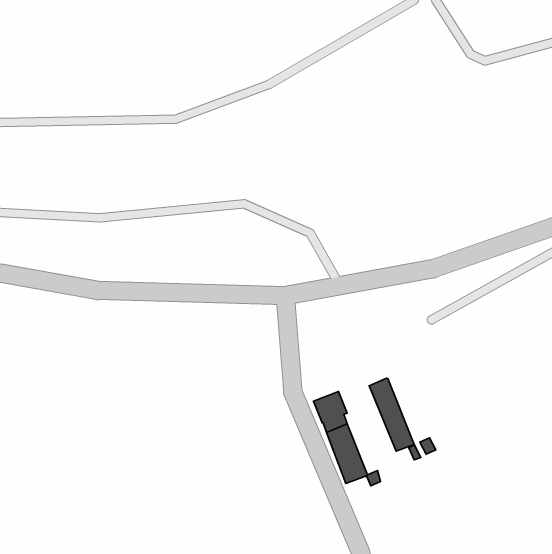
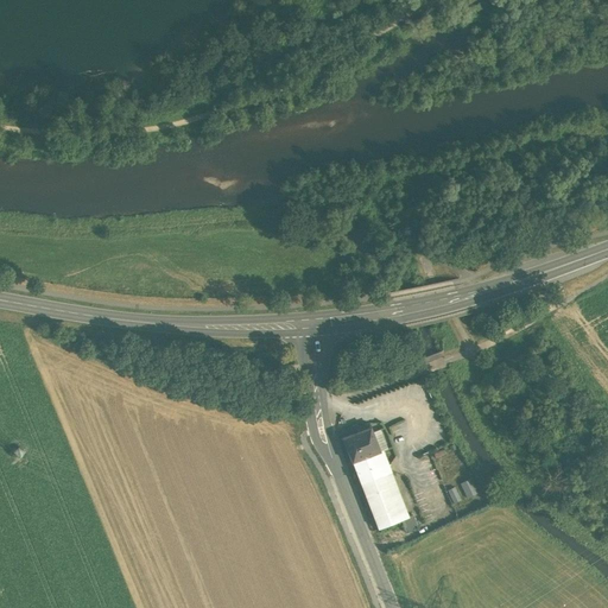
building: [369,378,414,451] -> none

